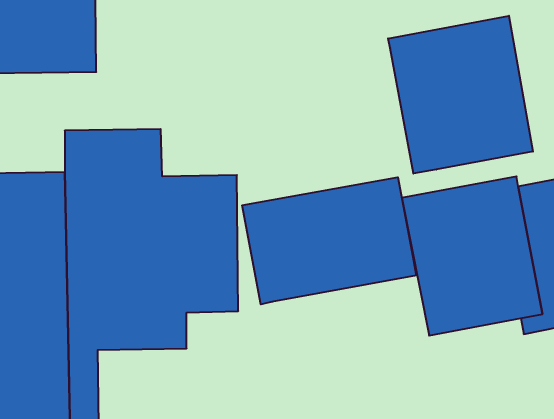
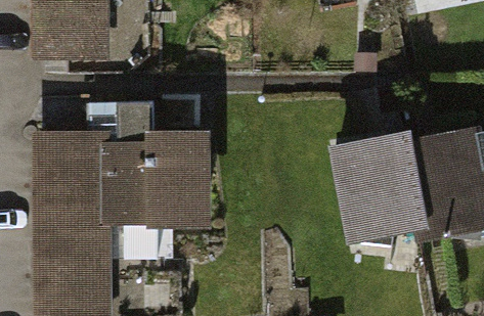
building: [388,16,533,174] -> none
building: [242,177,416,304] -> none

